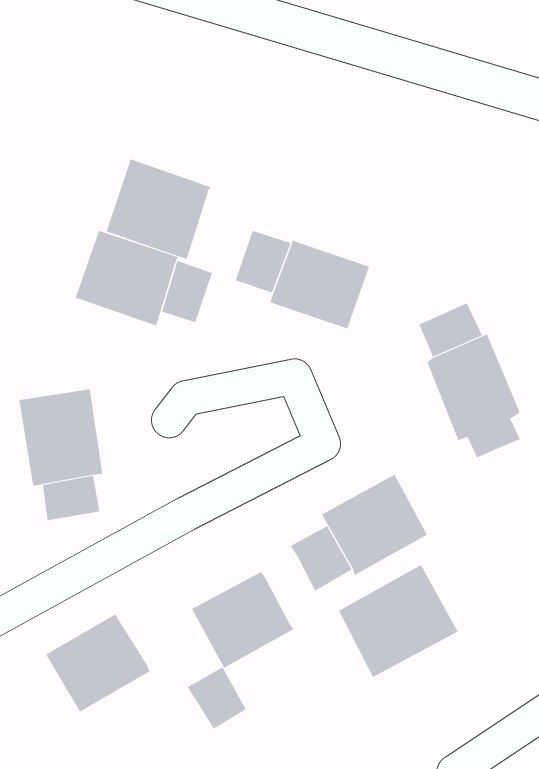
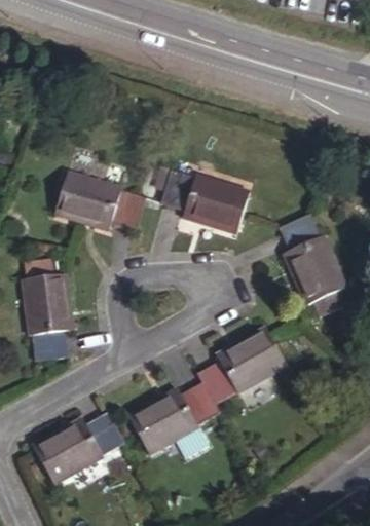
building: [106,159,211,260] -> none
building: none -> [179,383,217,425]
building: [338,564,458,678] -> none
building: [187,667,246,729] -> [84,411,123,452]

